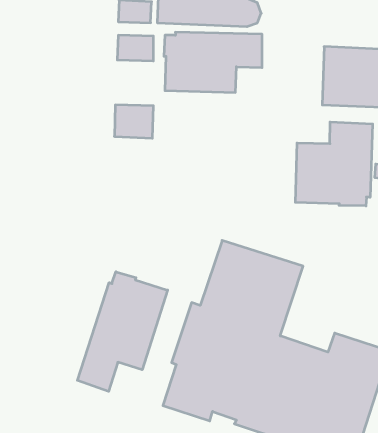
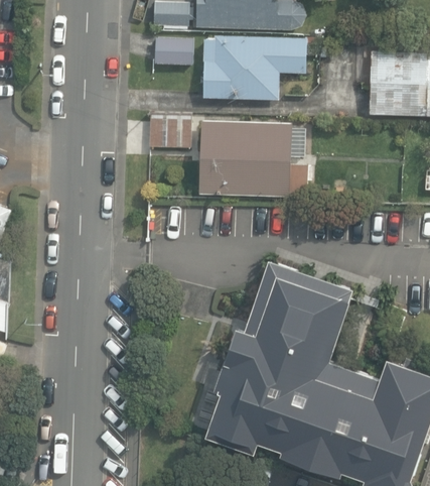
building: none -> [200,122,308,197]
building: [295,122,373,206] -> none
building: [77,272,168,391] -> none

